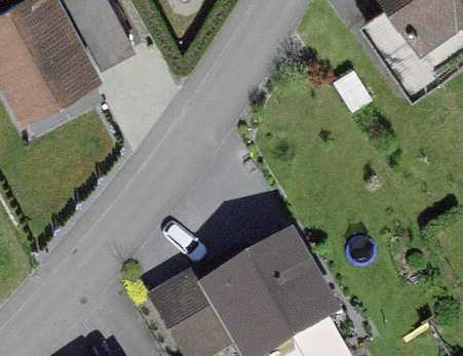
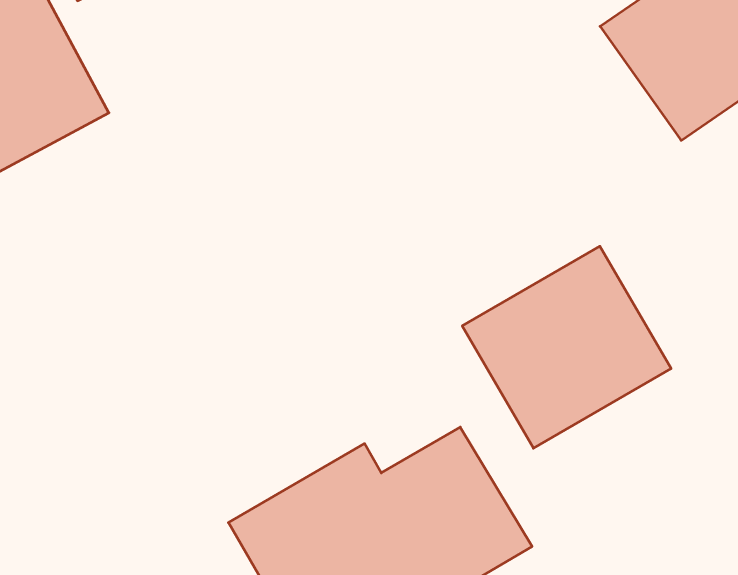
building: none -> [462,246,671,448]

